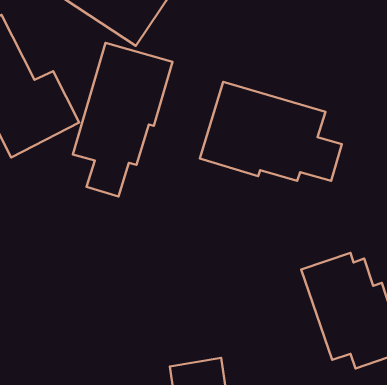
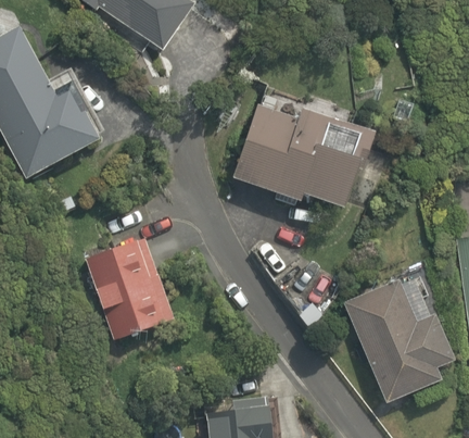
building: [73,43,173,197] -> none
building: none -> [86,229,179,345]

